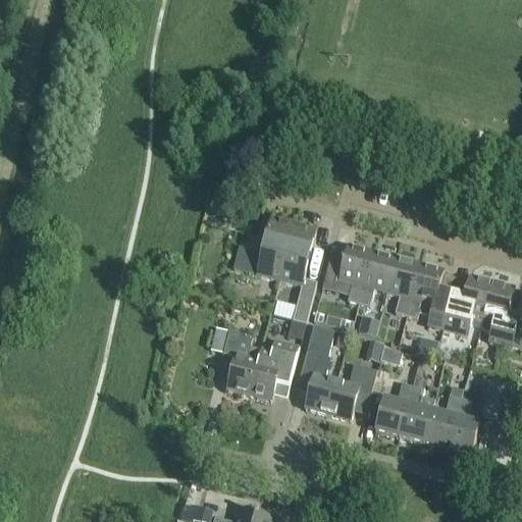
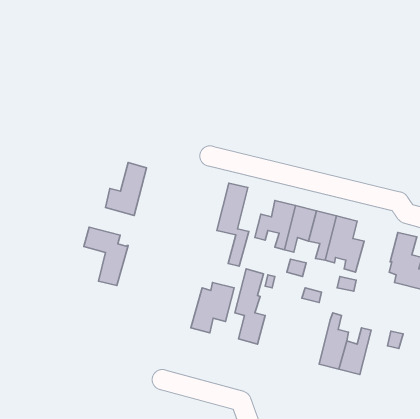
building: [245,217,293,279] -> [106,163,146,215]
building: [441,275,491,334] -> none
building: [209,325,261,394] -> [84,227,128,285]
building: [326,363,376,419] -> none
building: [374,381,412,436] -> none
building: [447,397,479,455] -> none

